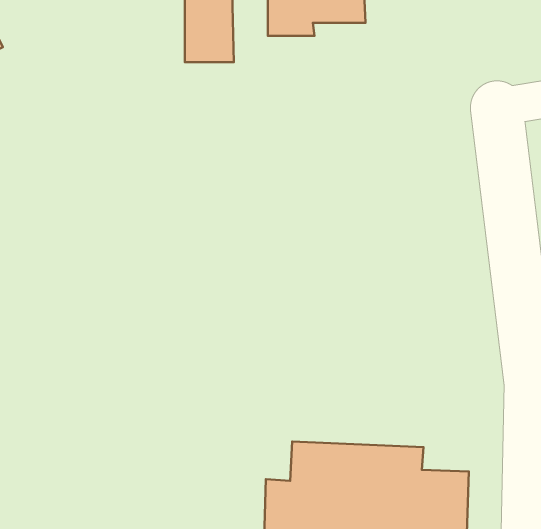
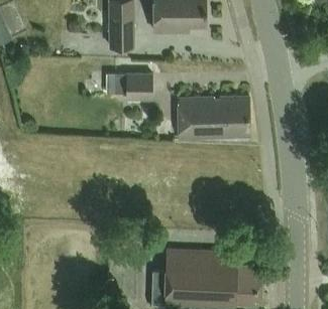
building: none -> [114,73,152,100]
building: none -> [179,97,250,138]

